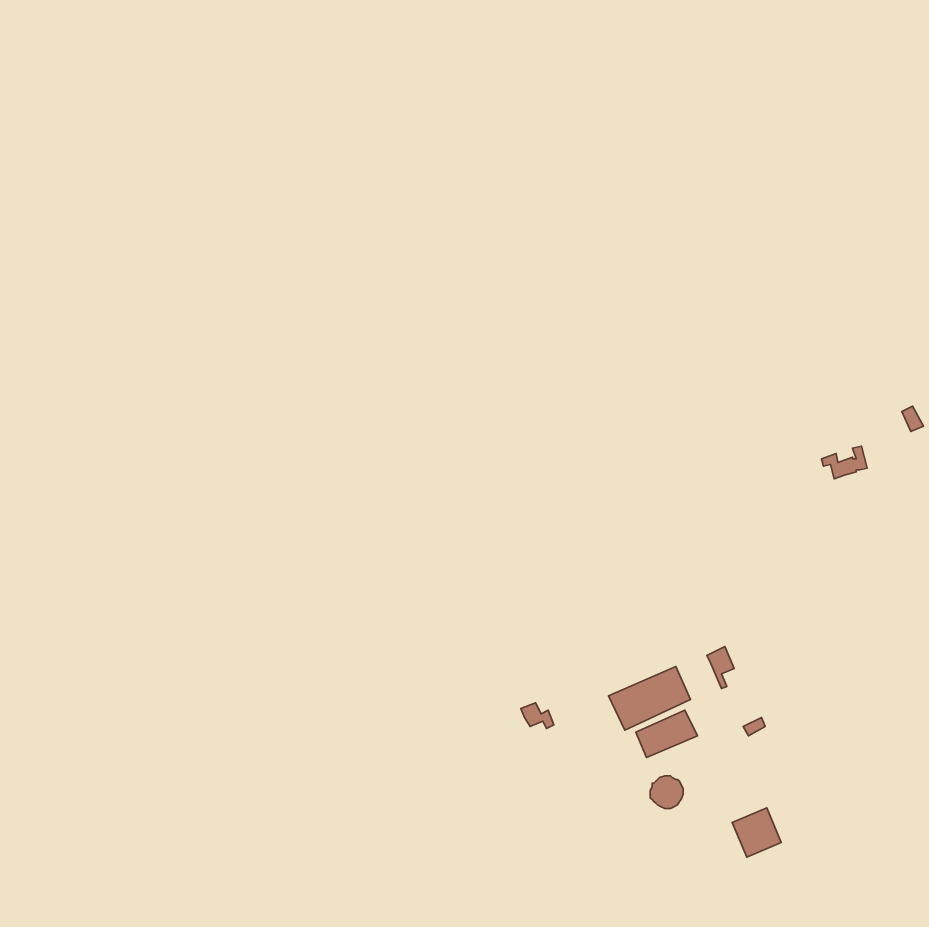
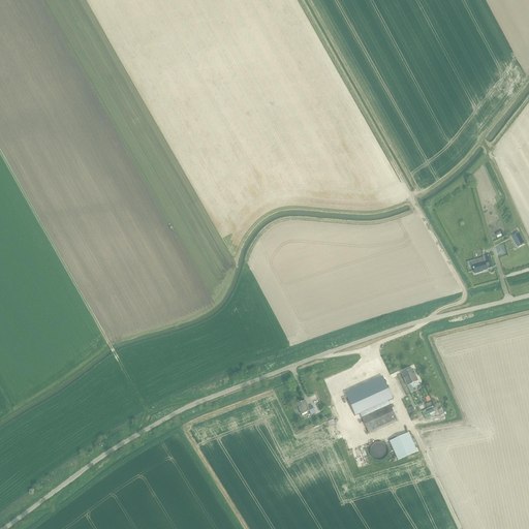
building: [732,808,781,857] -> [388,431,416,459]

